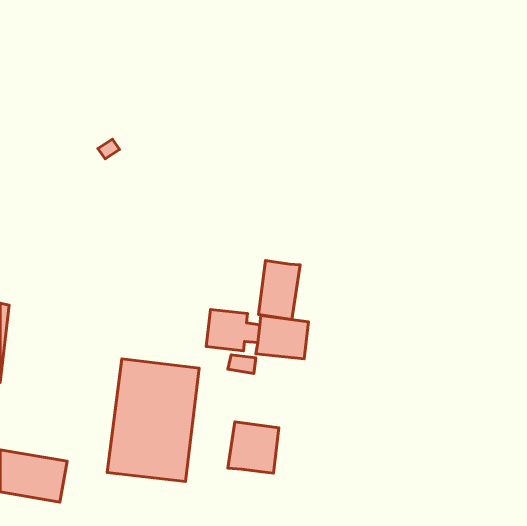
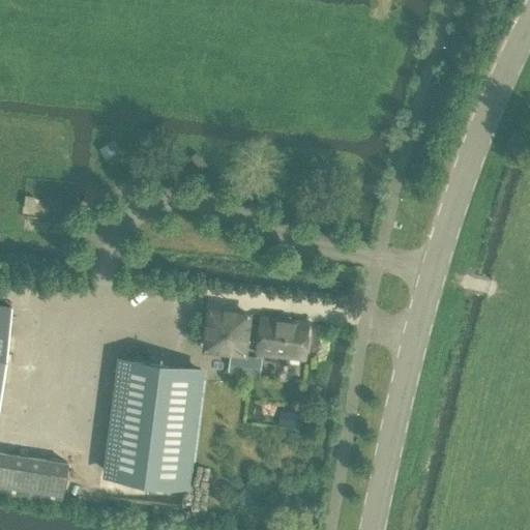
building: [259,261,300,320] -> none
building: [228,422,279,473] -> none

